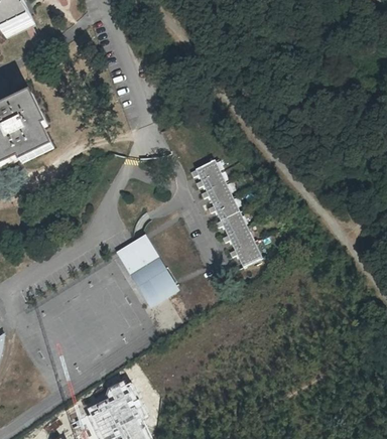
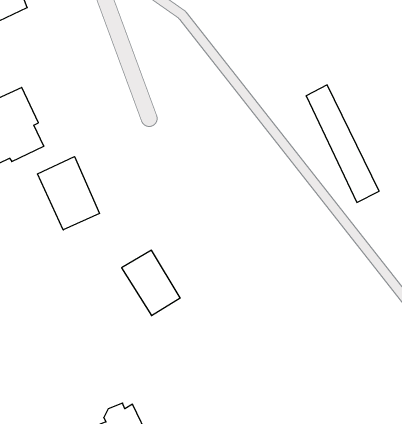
building: none -> [37,157,99,230]
building: [196,160,262,267] -> [306,85,379,202]

